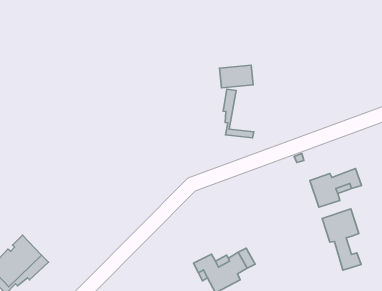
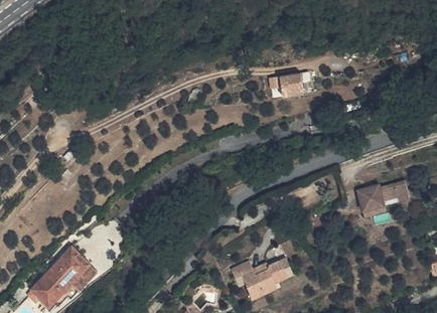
building: [223,89,254,138] -> none
building: [322,209,361,270] -> none

